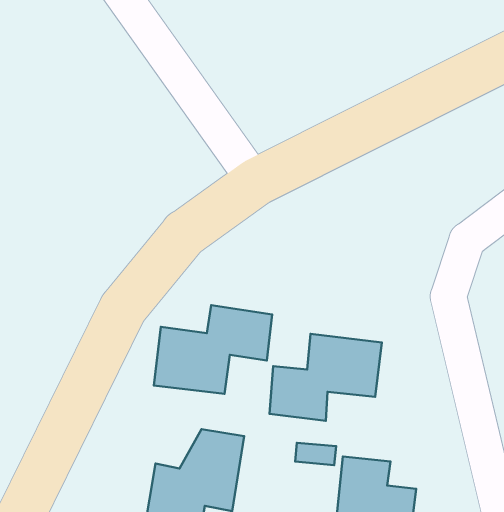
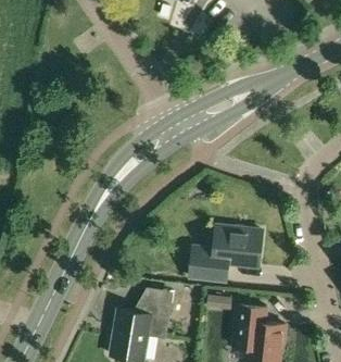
building: [154,305,272,394] -> none

